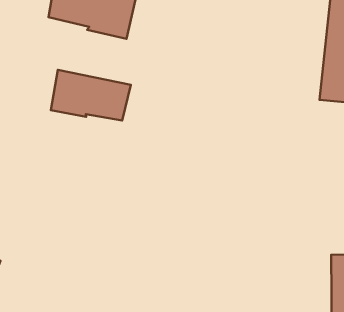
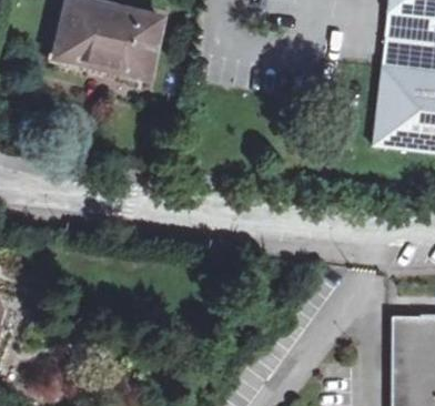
building: [51,70,131,120] -> none

